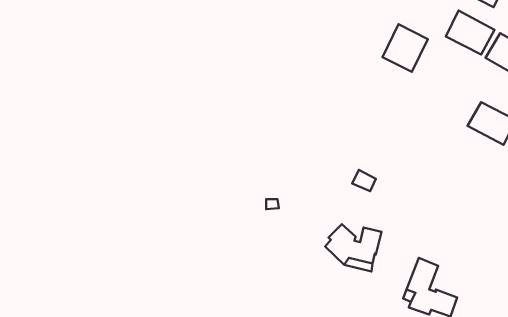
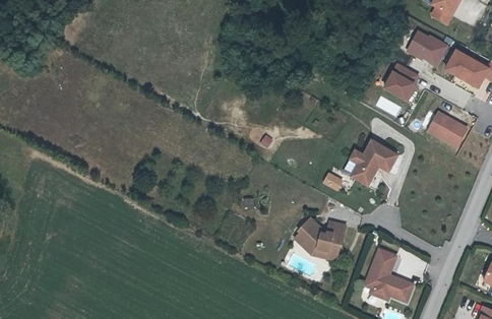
building: [383,24,428,72] -> [380,61,421,104]
building: none -> [352,141,399,186]

